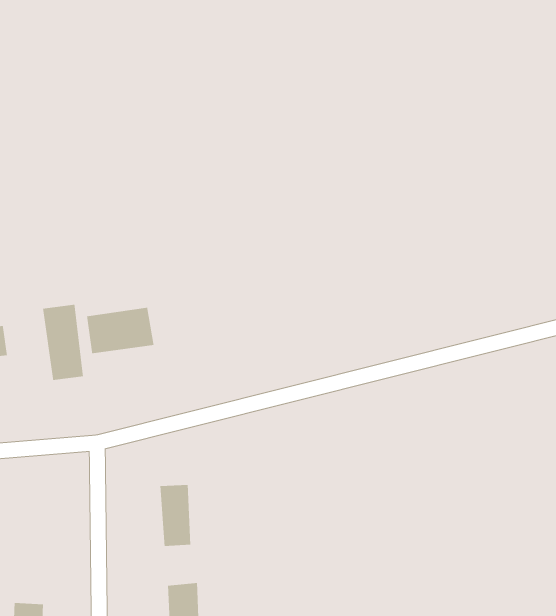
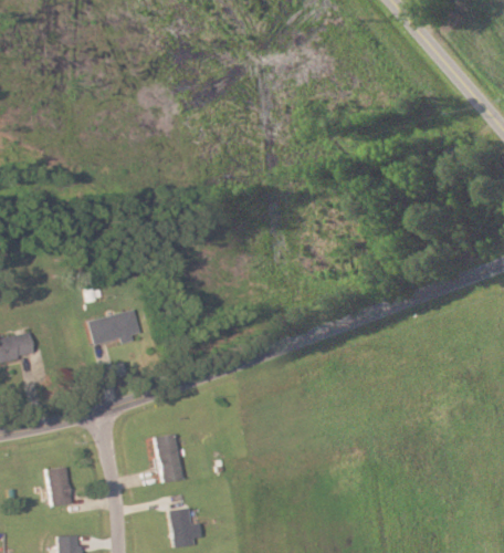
building: [42,304,84,381] -> none
building: none -> [49,467,72,507]

